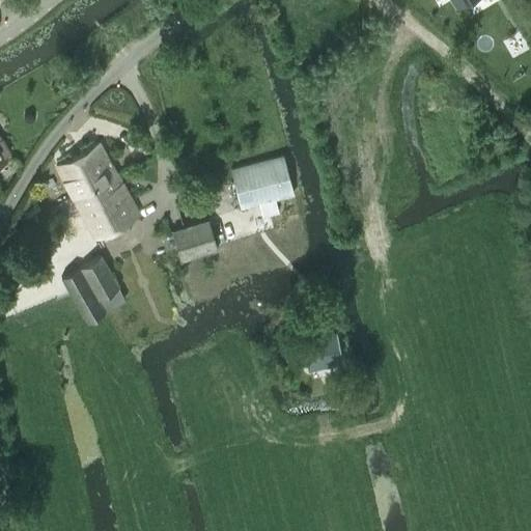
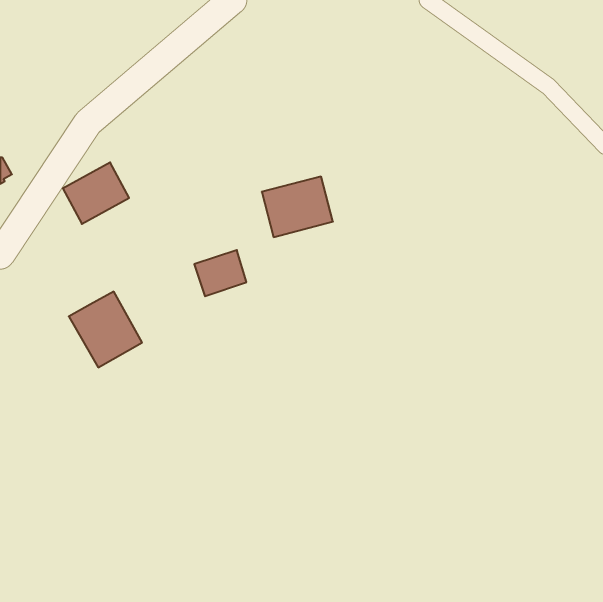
building: [74,175,139,239] -> none
building: [308,332,346,363] -> none

